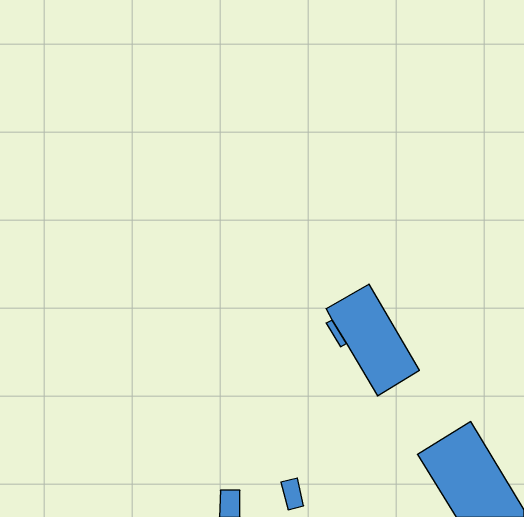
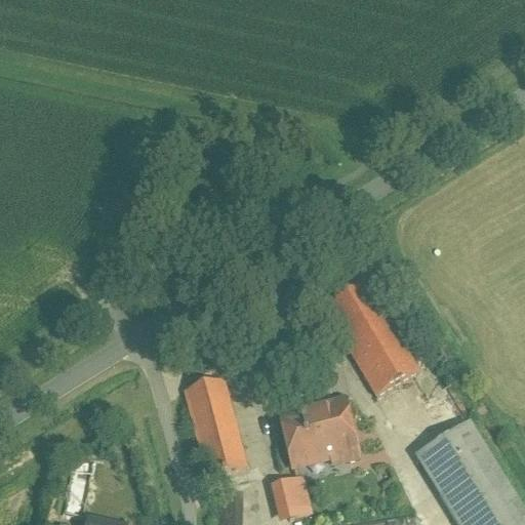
building: none -> [187,378,247,476]
building: none -> [282,400,358,463]

